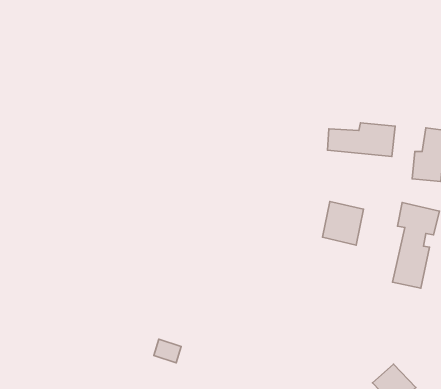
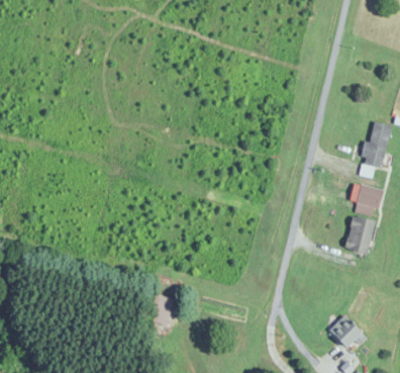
building: [327,123,395,156] -> none
building: [322,201,363,245] -> none

